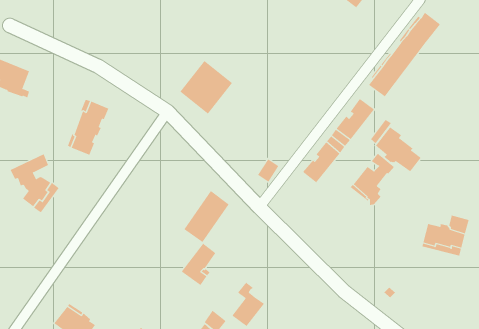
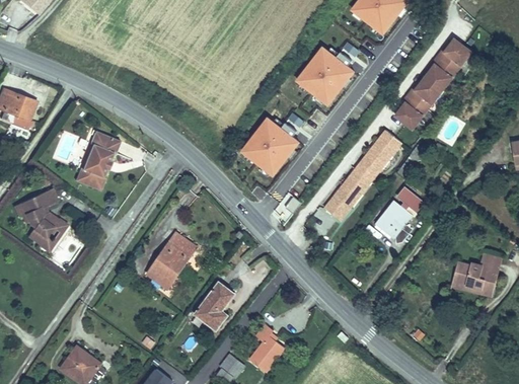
building: none -> [295,51,351,107]
building: [179,60,233,115] -> [240,120,297,177]
building: [375,127,421,172] -> none
building: [184,190,230,243] -> [147,232,196,288]

